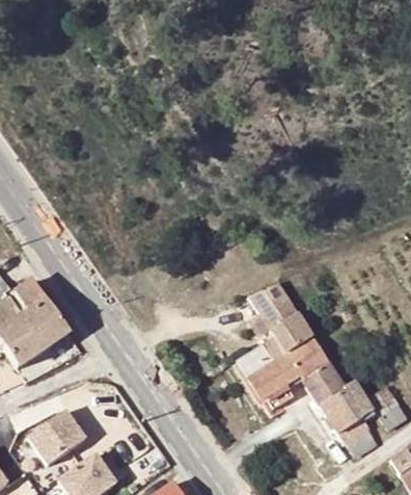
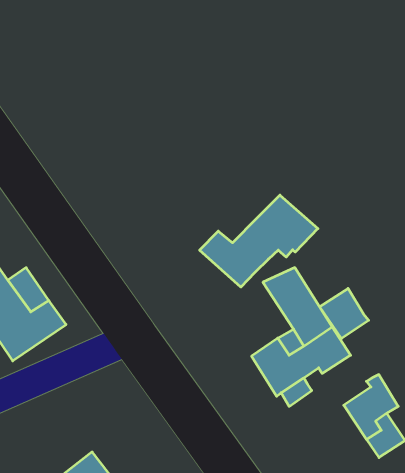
building: none -> [200,195,318,287]
building: [304,364,349,410] -> [320,288,369,339]
building: [26,410,84,466] -> none

